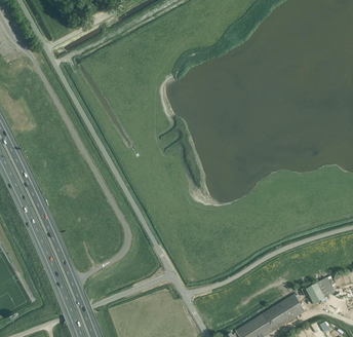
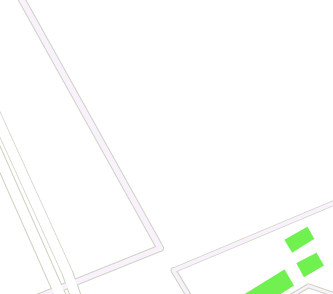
building: none -> [283,226,316,254]

